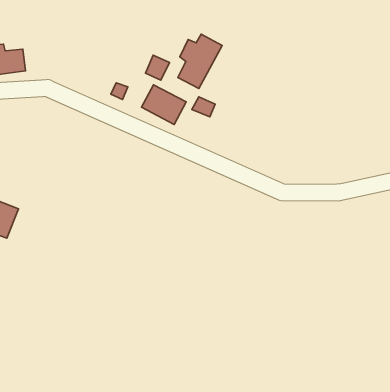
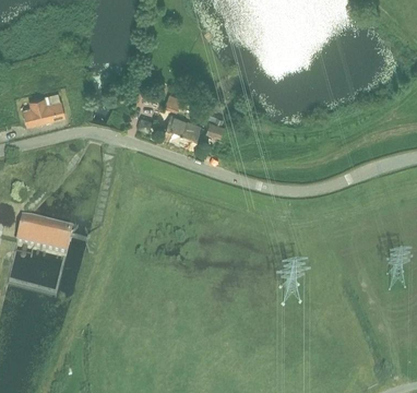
building: [178,34,222,89] -> none

